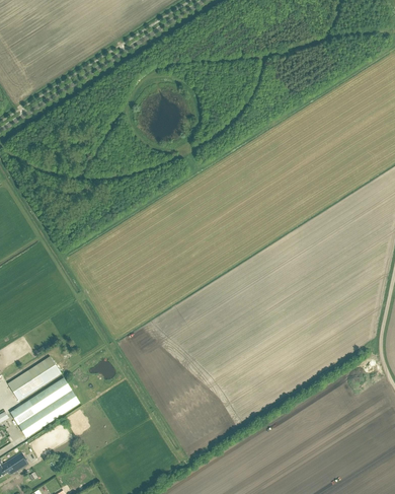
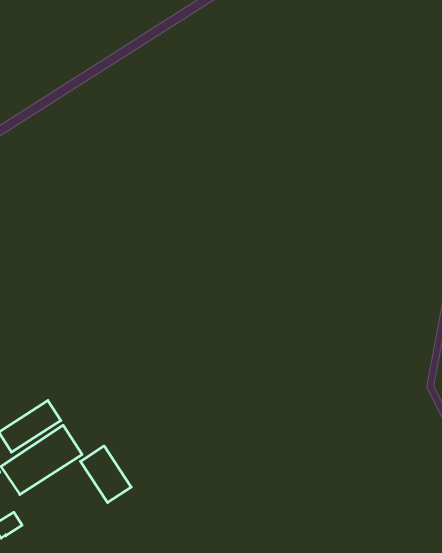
building: none -> [80,446,131,503]

